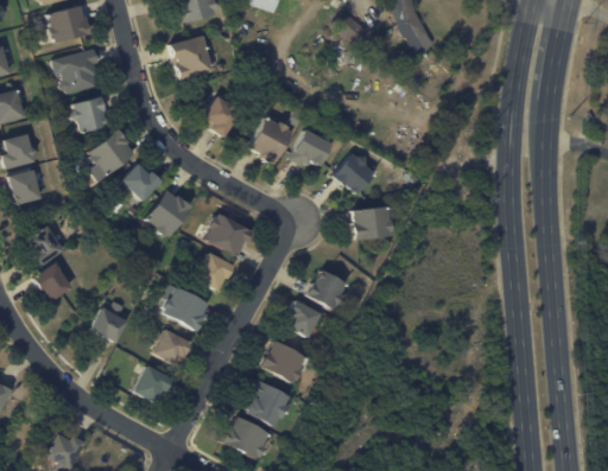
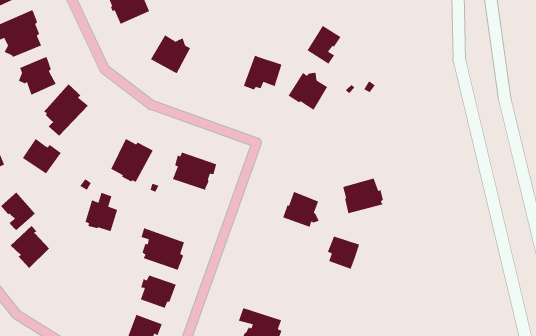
building: none -> [307,25,341,65]
building: [248,117,290,165] -> none
building: [121,164,162,202] -> [22,138,62,174]
building: [352,208,391,240] -> [342,178,384,214]
building: [196,254,235,292] -> none
building: [287,300,322,337] -> [327,235,360,270]
building: [91,301,127,343] -> [84,192,118,232]
building: [260,342,305,383] -> none

